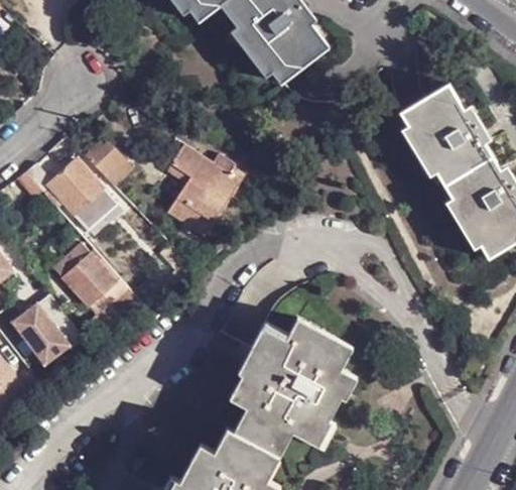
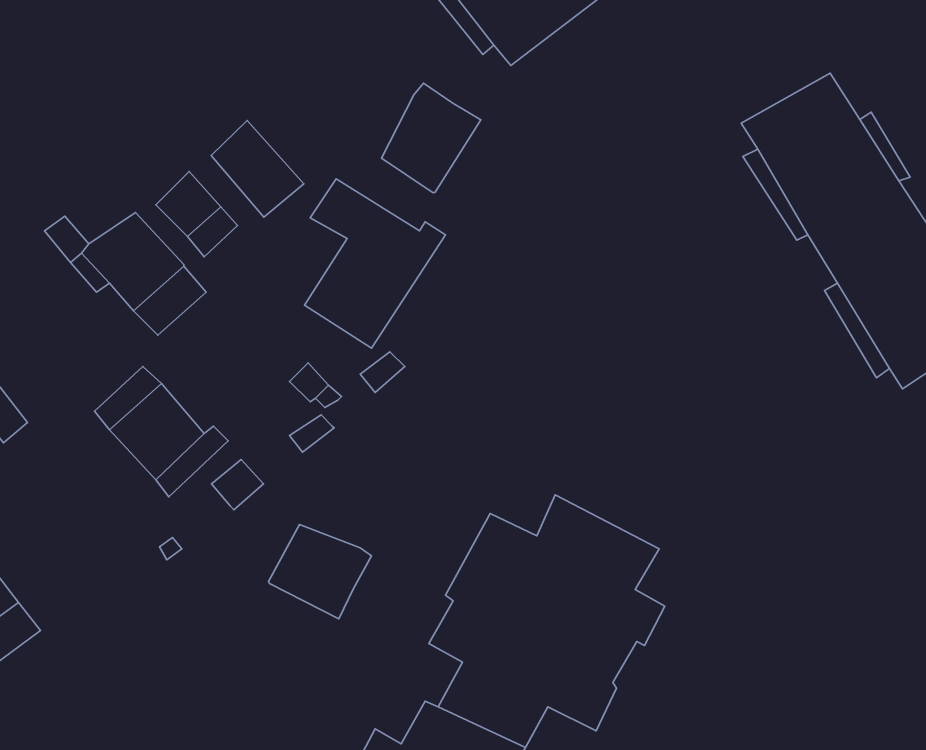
building: none -> [381,83,481,193]
building: none -> [211,121,304,217]
building: [12,295,82,363] -> none
building: none -> [269,524,372,619]

